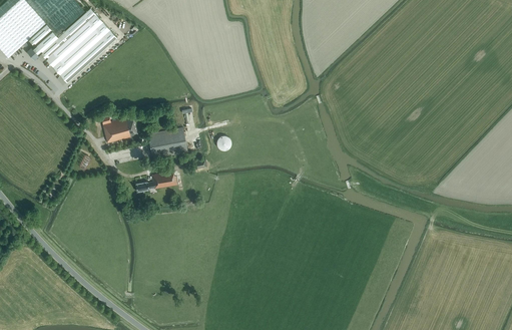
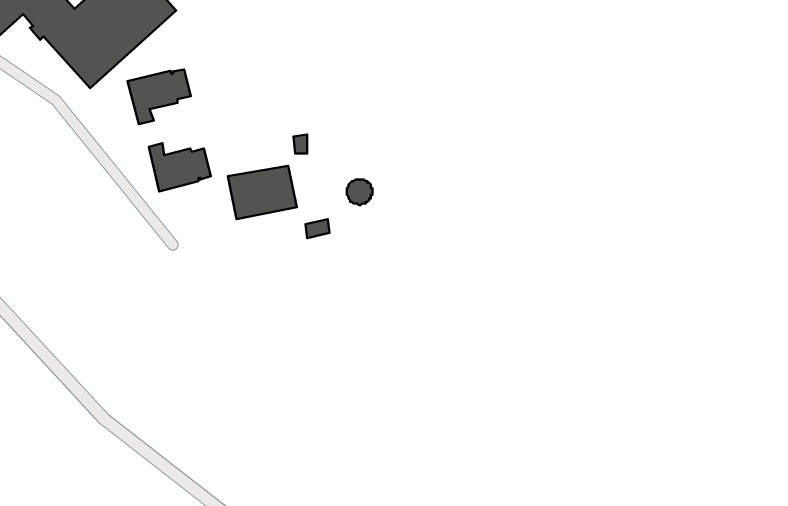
building: none -> [127,69,191,124]
building: [134,171,176,193] -> none

